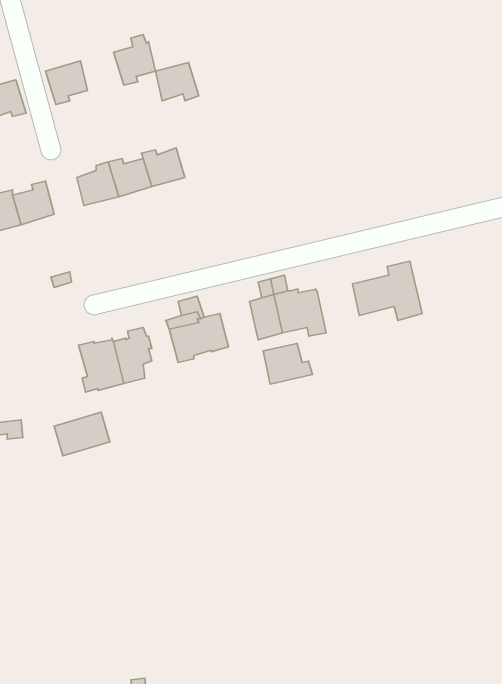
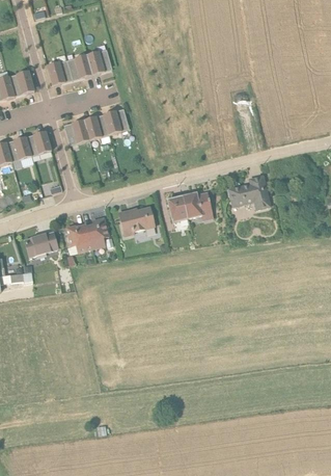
building: [155,63,199,101] -> [66,52,92,75]
building: [263,344,312,384] -> none
building: [54,412,110,456] -> [24,231,57,257]

